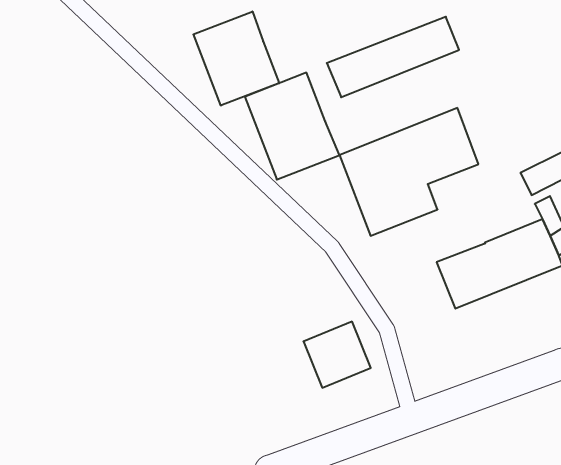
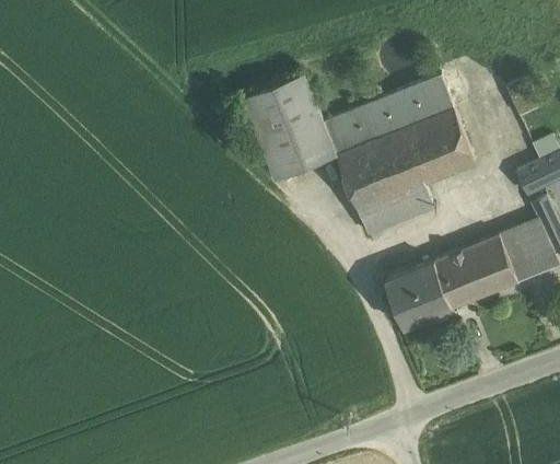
building: [193,11,279,106] -> none
building: [327,17,459,97] -> [323,76,454,155]
building: [303,322,371,388] -> [385,262,452,327]

